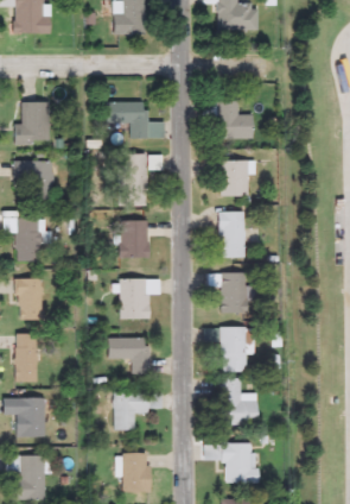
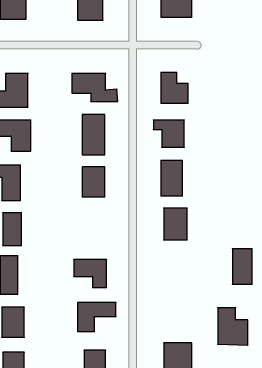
building: [119,278,159,319] -> none
building: [221,326,246,371] -> [232,249,252,284]
building: [219,378,257,426] -> [218,308,248,345]

